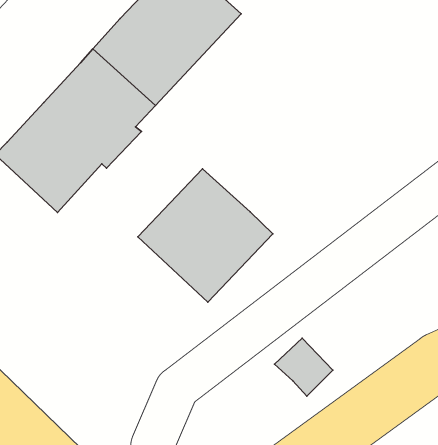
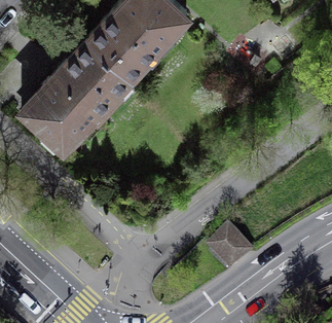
building: [138,169,273,302] -> none

